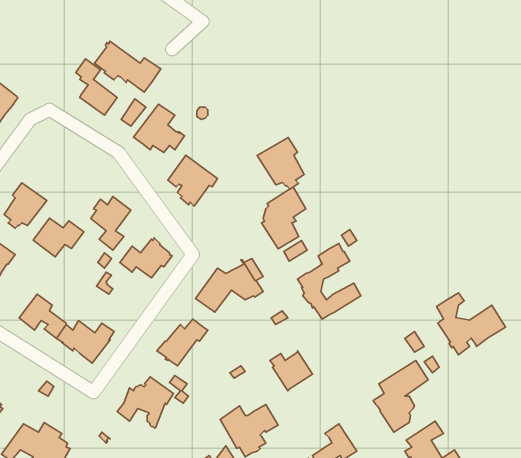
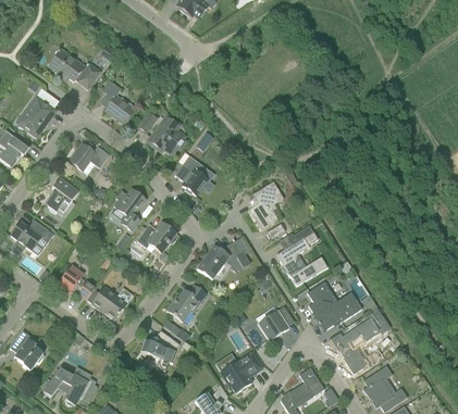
building: [95,41,161,92] -> [49,49,101,89]
building: [257,137,304,189] -> none
building: [33,218,84,257] -> [70,143,110,174]
building: [437,293,505,355] -> [308,281,362,330]

